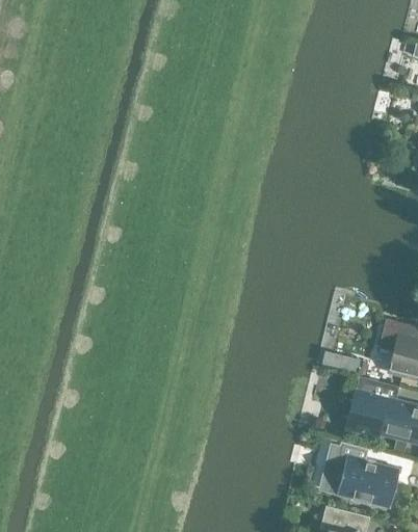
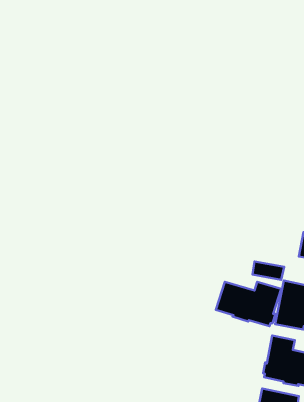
building: none -> [216,282,281,326]

